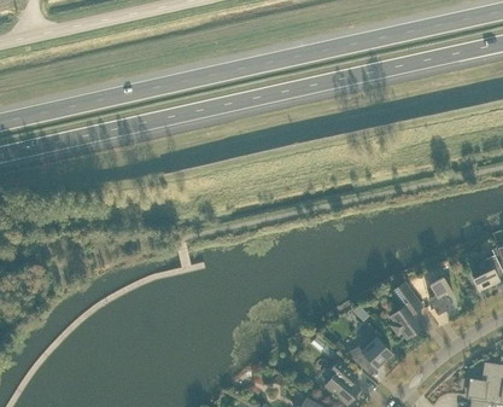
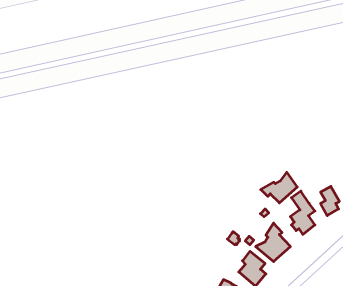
building: none -> [261,172,297,203]

